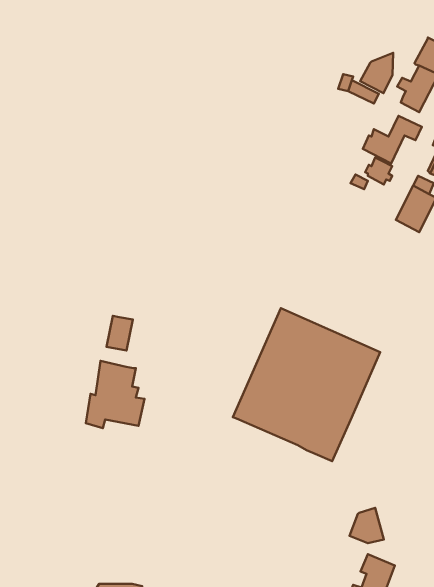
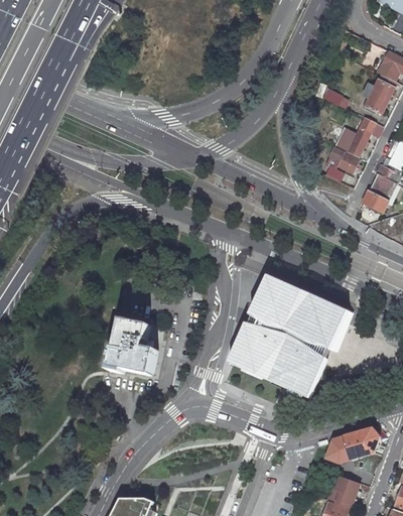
building: [360,53,393,93] -> none
building: [106,316,133,351] -> none
building: none -> [344,429,381,464]

